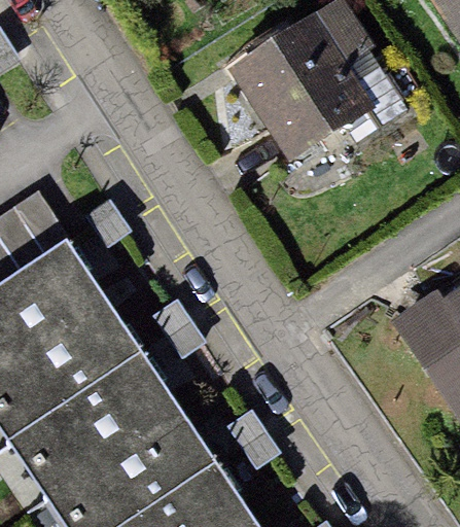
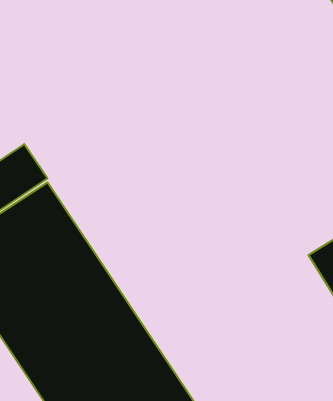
building: [236,17,373,169] -> none

